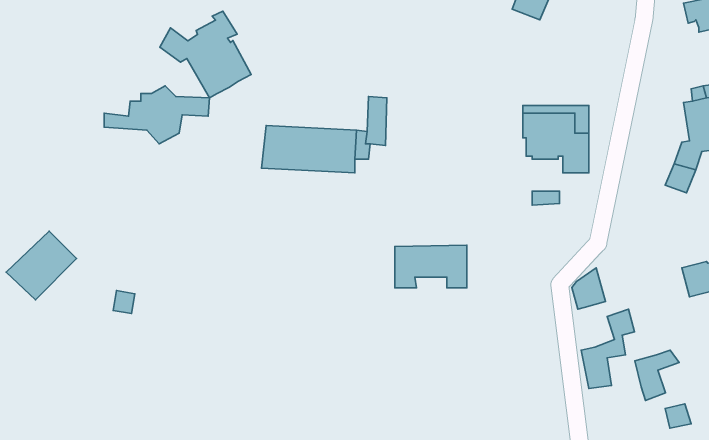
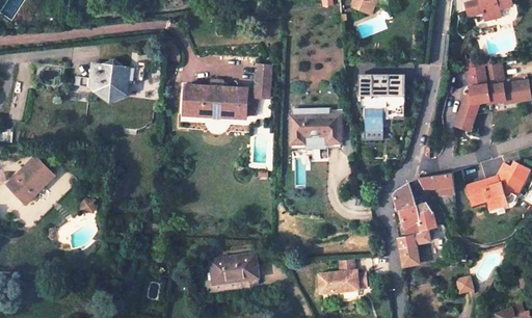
building: [160,11,251,98] -> none
building: [395,245,467,288] -> [291,115,340,144]
building: none -> [418,174,453,195]
building: [635,350,679,401] -> [400,203,430,237]
building: none -> [211,255,257,285]
building: none -> [317,260,367,292]

